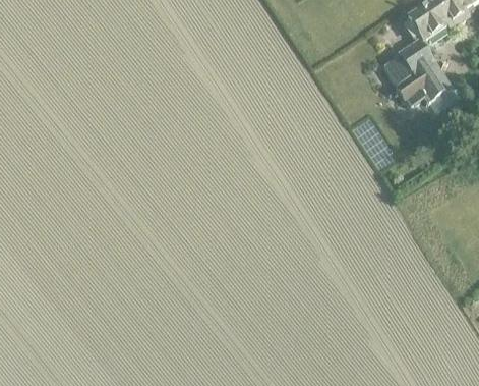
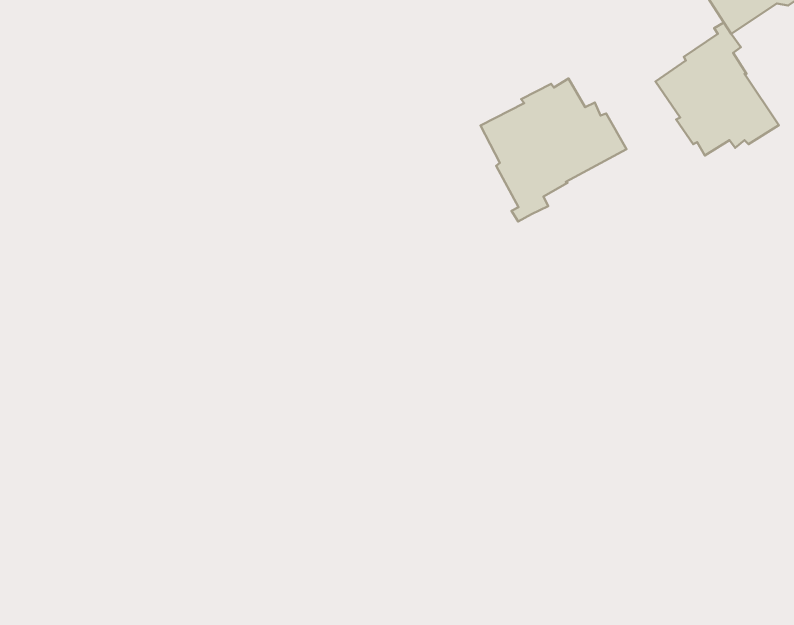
building: none -> [481,79,627,222]

